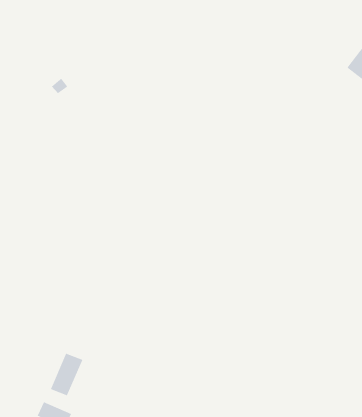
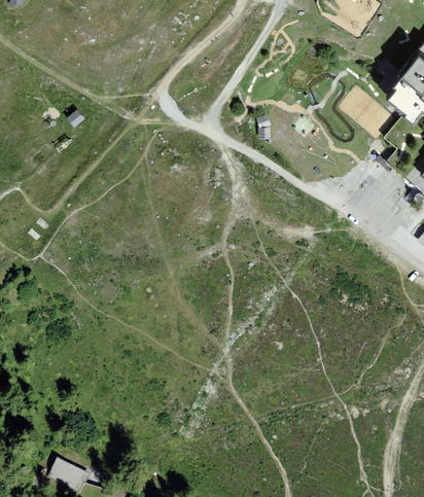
building: [50,353,83,396] -> none

